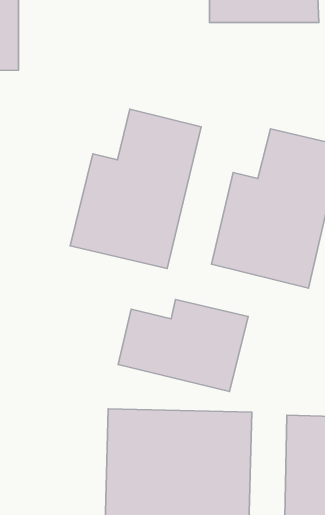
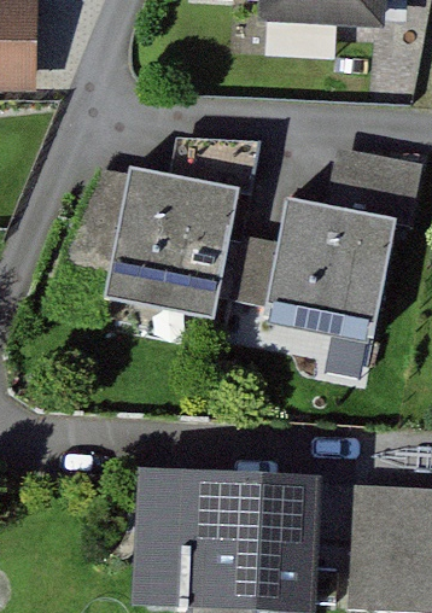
building: [118,299,248,391] -> none

